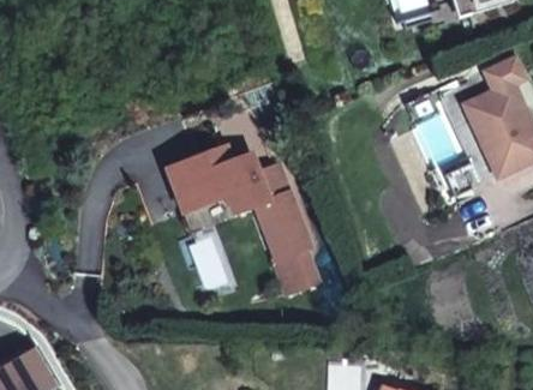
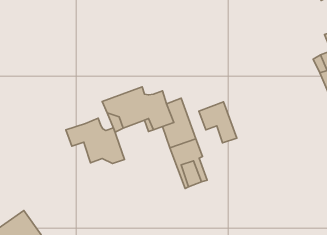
building: none -> [199,102,237,143]
building: none -> [66,118,125,163]

